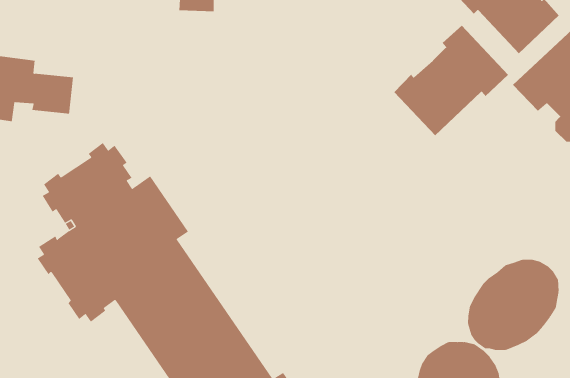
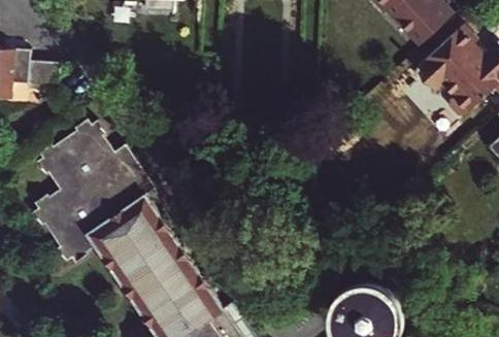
building: [394,25,509,136] -> none
building: [468,259,559,351] -> none

